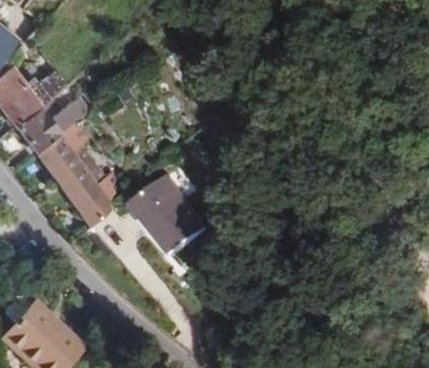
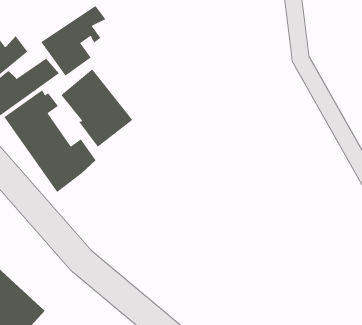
building: none -> [41,5,106,77]
building: [135,179,208,258] -> [61,69,133,147]

